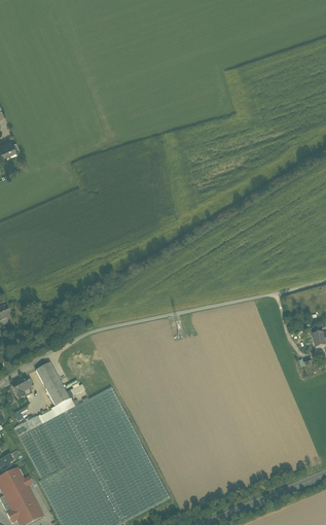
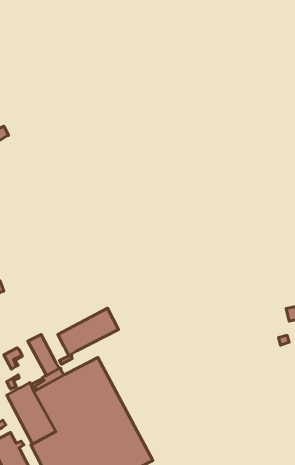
building: none -> [58,308,119,356]

